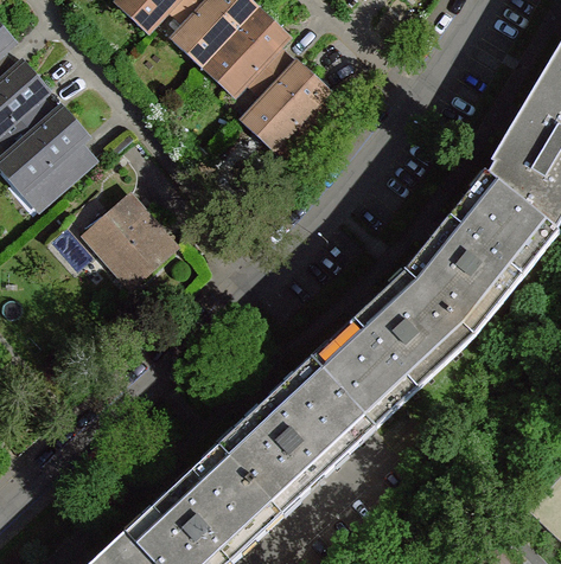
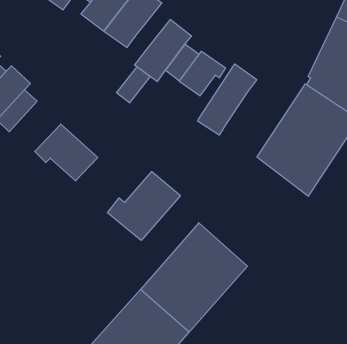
building: [244,47,295,98] -> [116,67,150,103]
building: none -> [179,51,225,96]
building: none -> [198,64,257,135]
building: [310,273,472,429] -> none
building: none -> [108,172,180,240]

